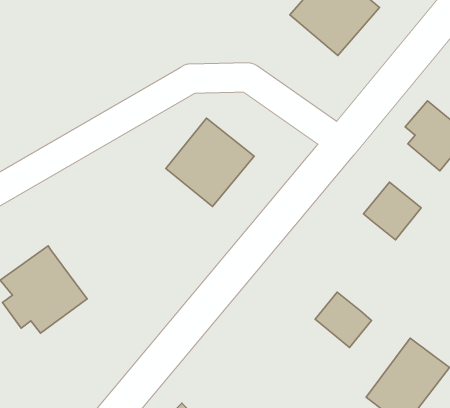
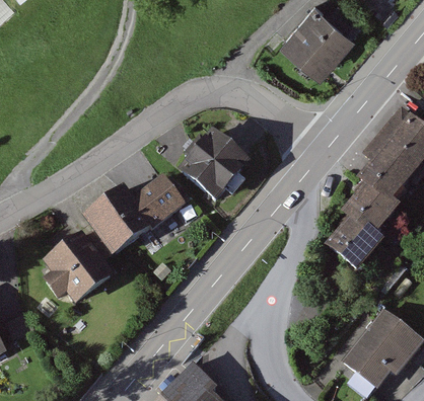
building: none -> [358,149,407,196]
building: none -> [85,175,186,263]
building: [315,292,372,348] -> [333,213,379,258]

